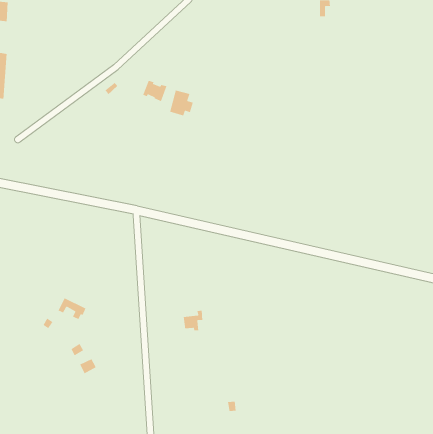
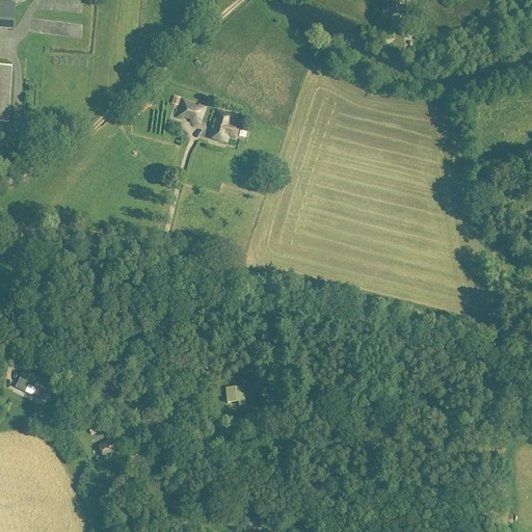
building: [57,297,86,320] -> [15,370,50,398]

